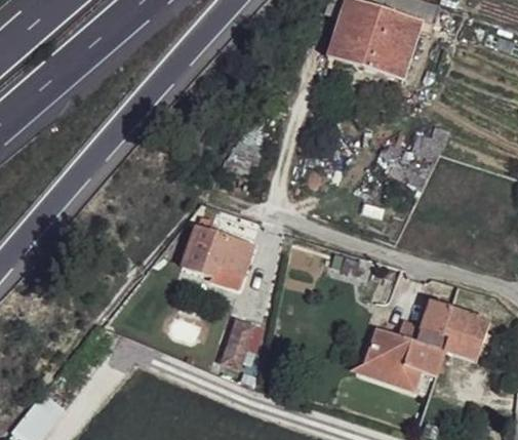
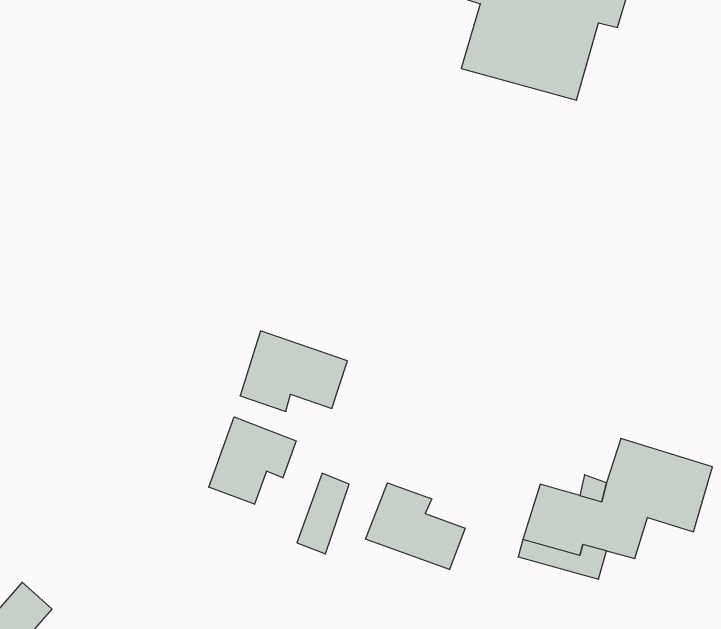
building: none -> [209,417,296,504]
building: none -> [365,483,465,570]

